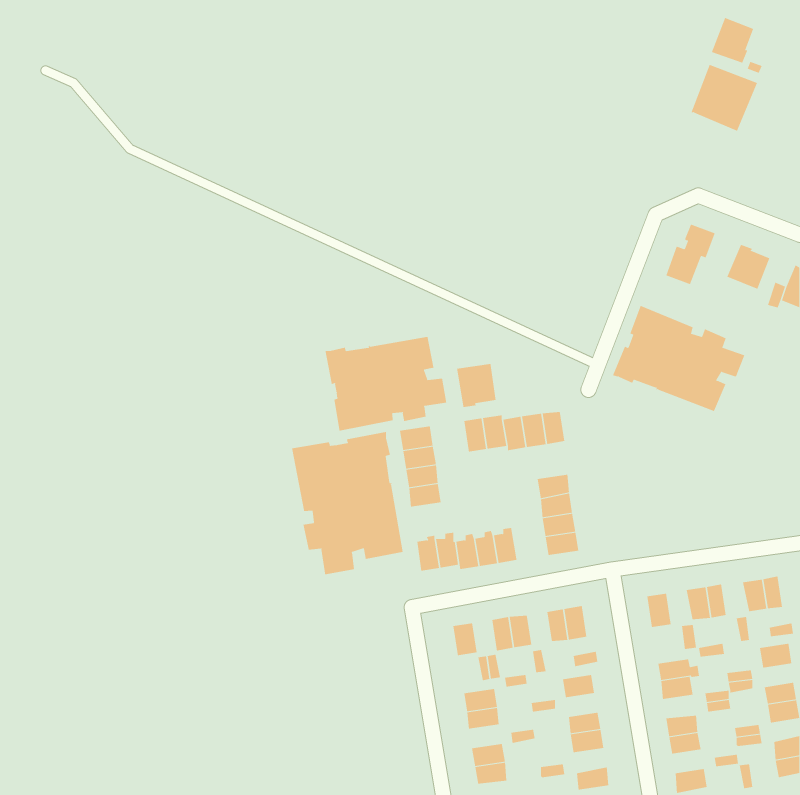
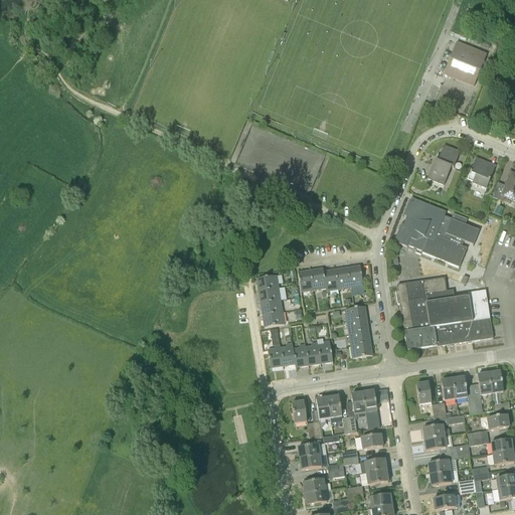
building: [711,17,754,63] -> none
building: [325,334,447,432] -> none
building: [456,363,496,408] -> none
building: none -> [395,277,493,349]
building: [291,431,405,575] -> none

